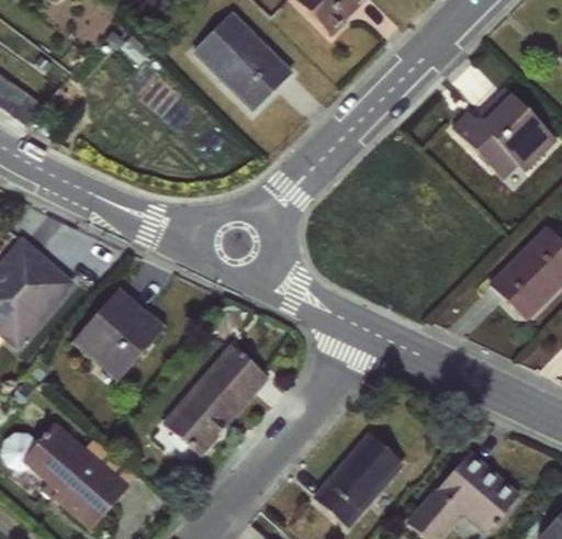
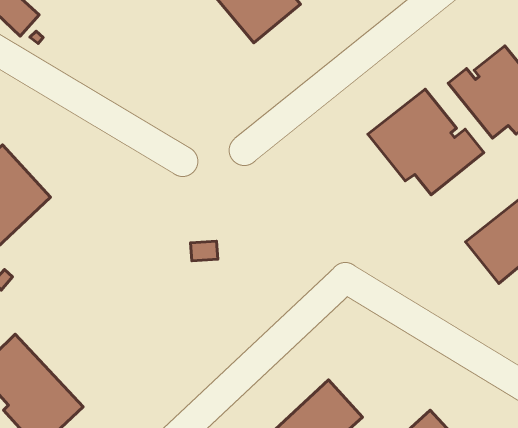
building: none -> [368,89,484,195]
building: [70,288,164,383] -> none
building: [159,344,268,458] -> none

